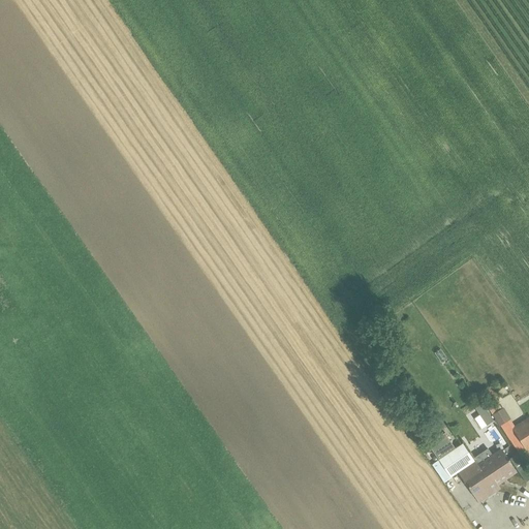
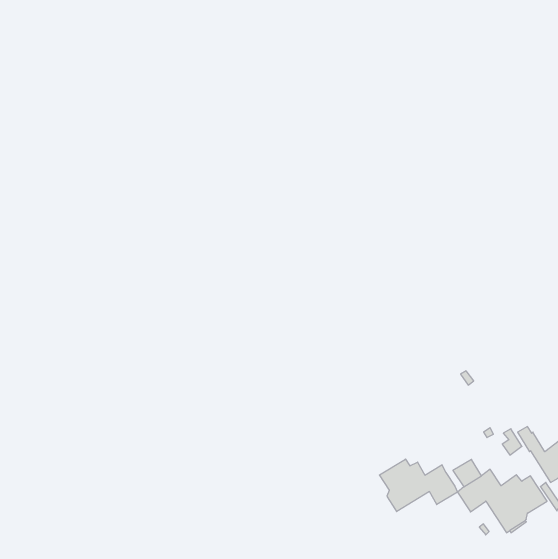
building: none -> [379,459,457,512]

